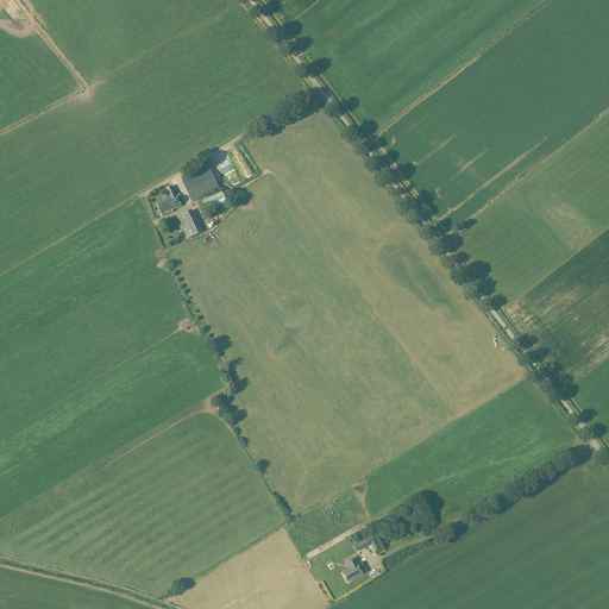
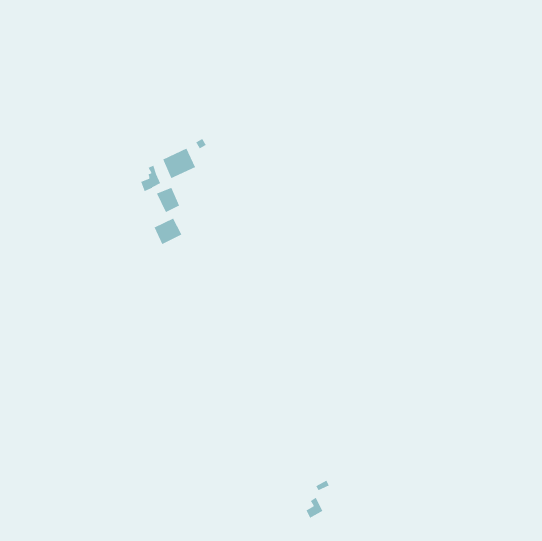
building: none -> [153,218,183,245]

